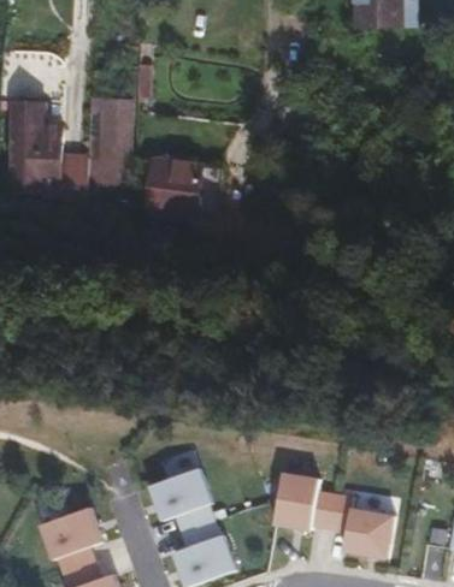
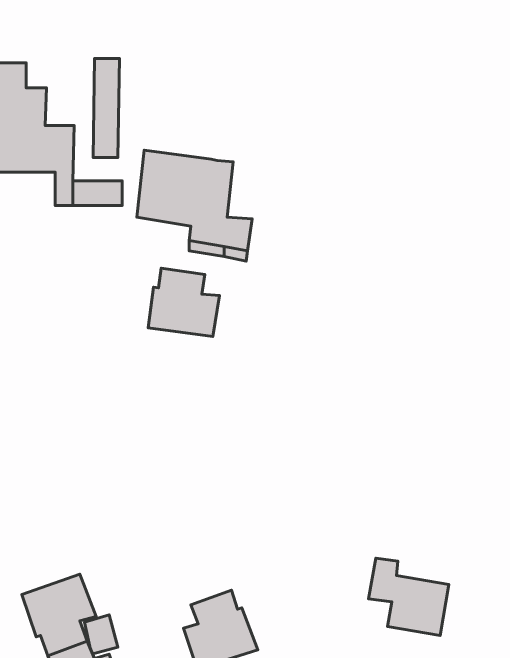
building: none -> [148,268,219,336]
building: [151,468,214,533] -> none
building: [275,473,334,529] -> none

